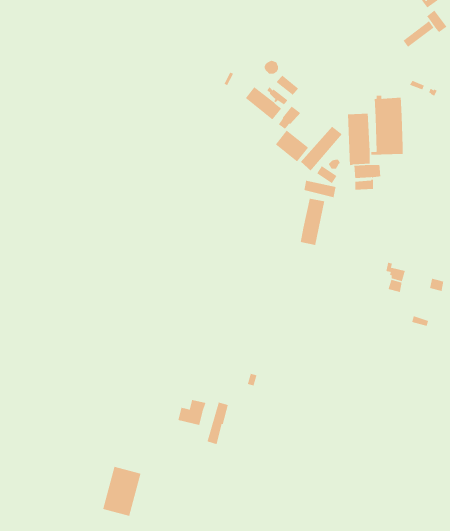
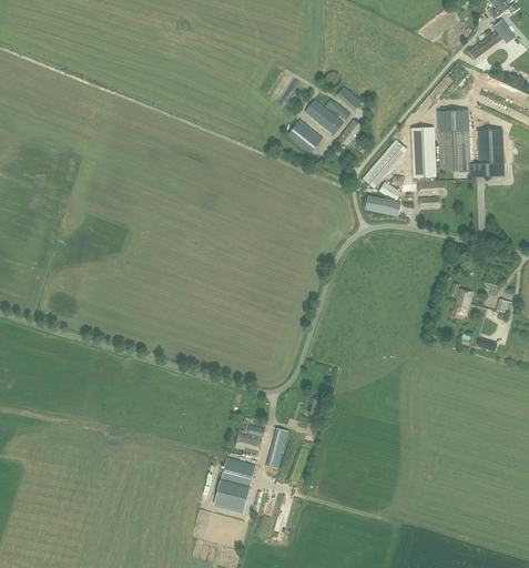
building: none -> [469,129,502,175]
building: [275,130,309,163] -> [286,119,322,153]
building: [300,198,325,246] -> none
building: [102,466,141,517] -> [214,457,255,510]

